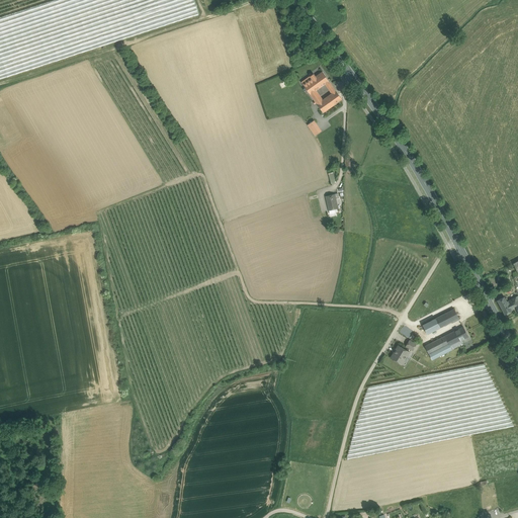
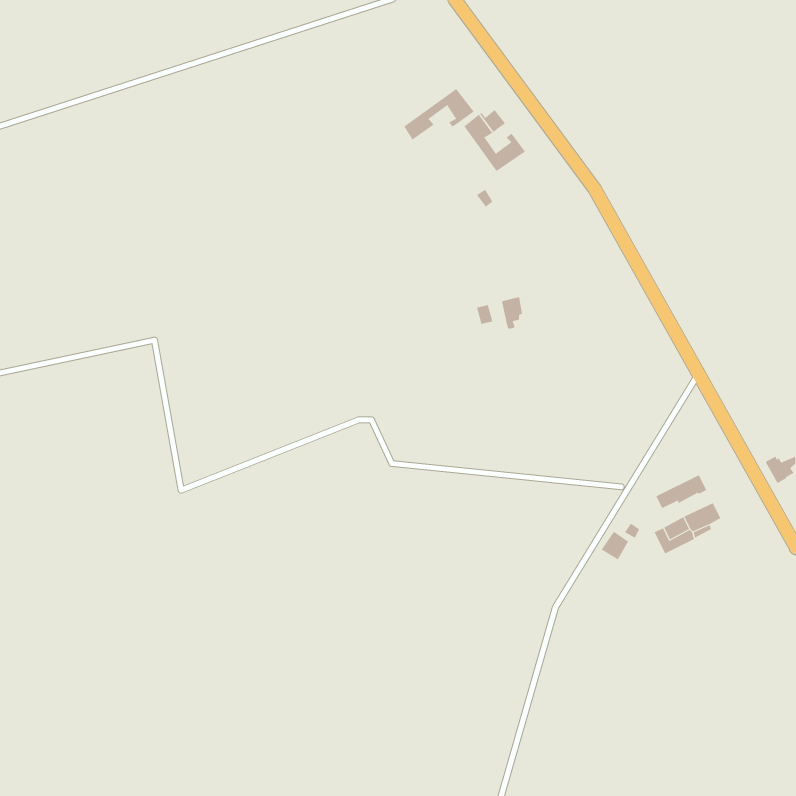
building: none -> [404,88,475,140]

